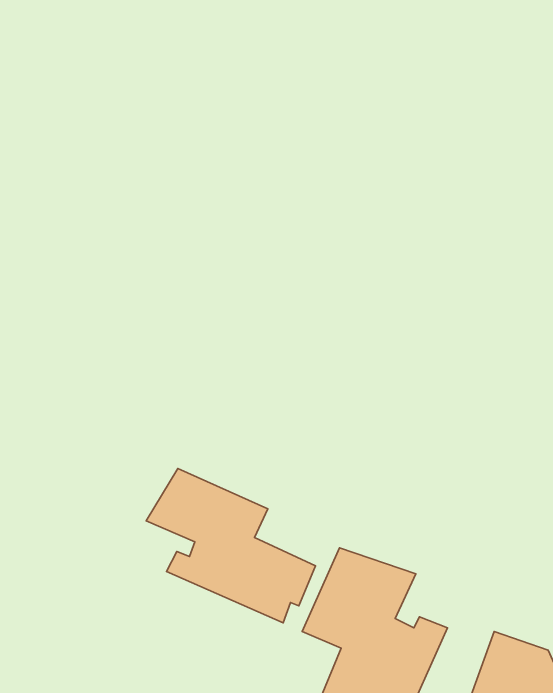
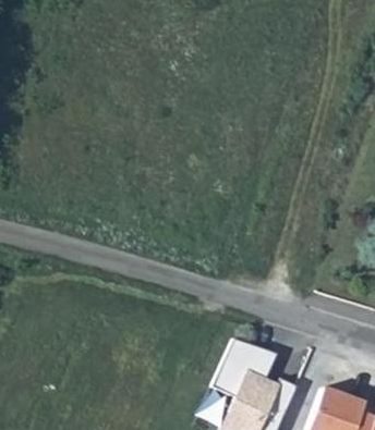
building: [146,469,316,623] -> none

